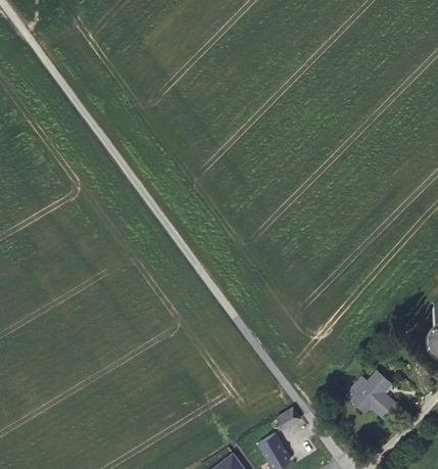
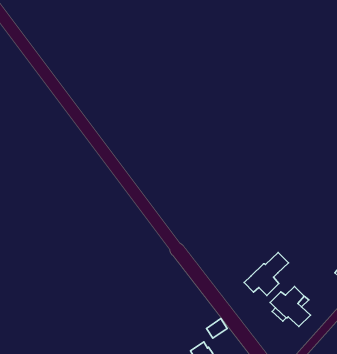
building: none -> [244,252,289,296]

